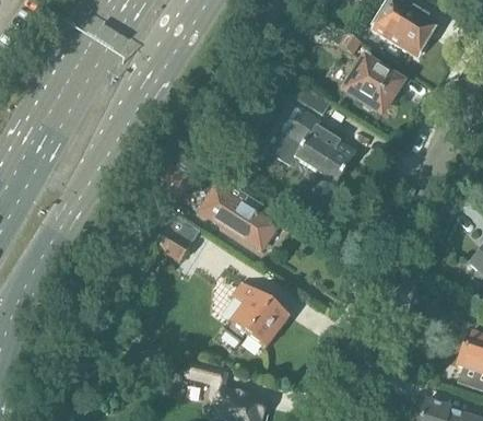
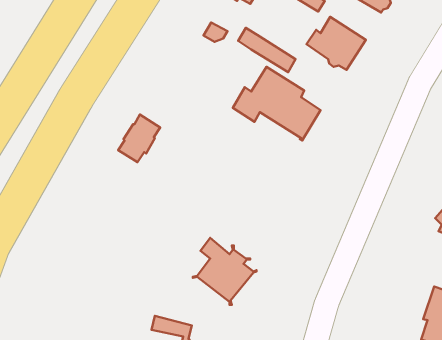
building: [200,179,275,247] -> none
building: [155,227,192,264] -> none

